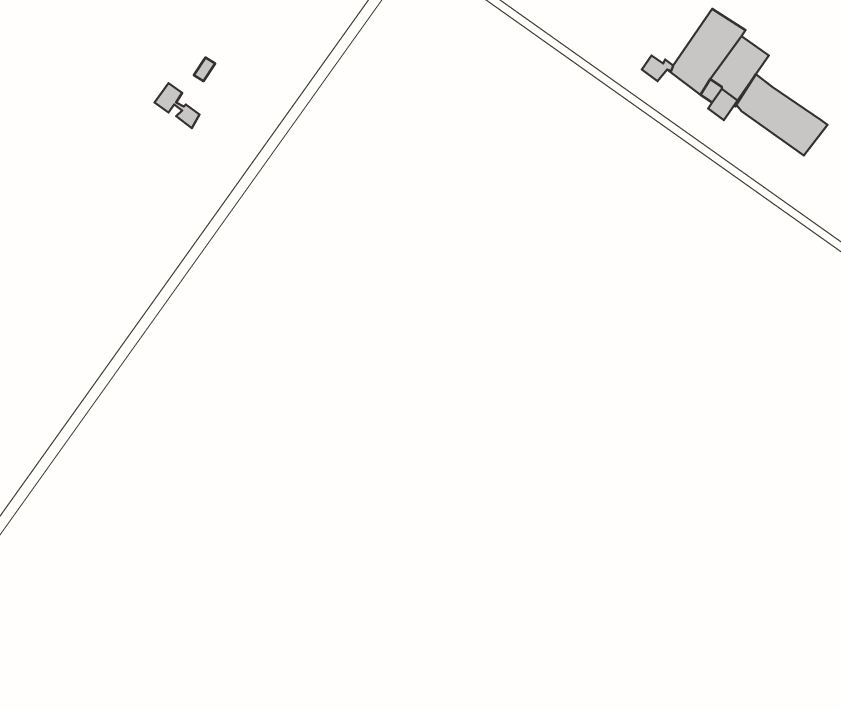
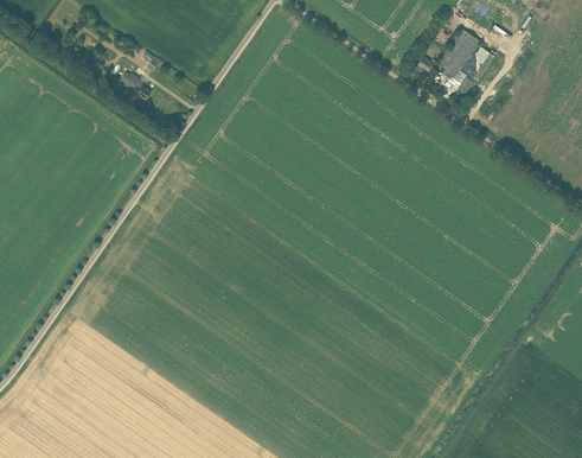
building: [735,74,827,156] -> none

